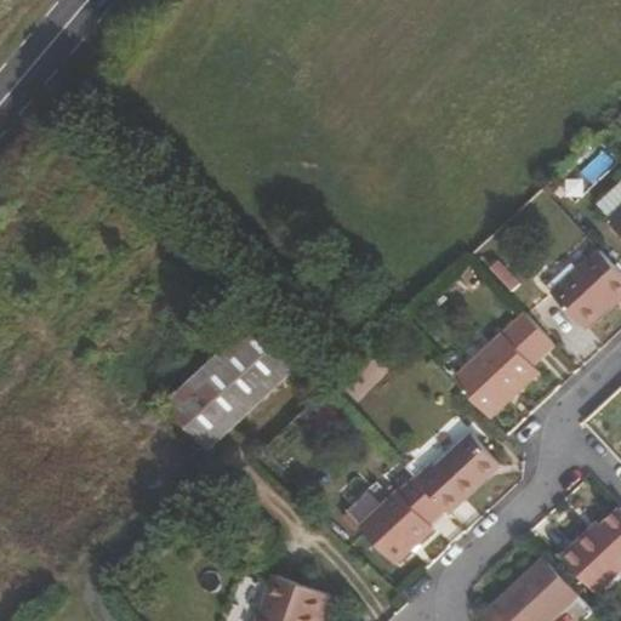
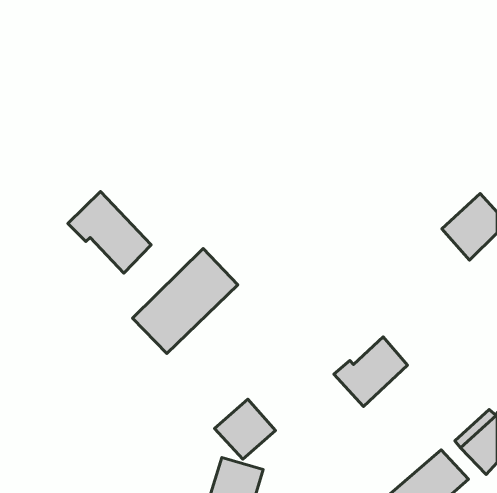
building: none -> [68,192,151,273]
building: [451,315,551,420] -> none
building: [358,488,433,562] -> [215,399,275,459]

